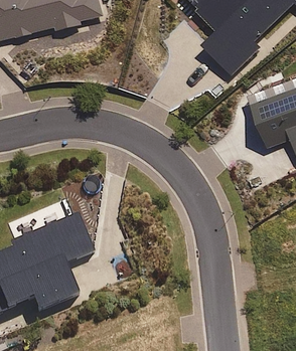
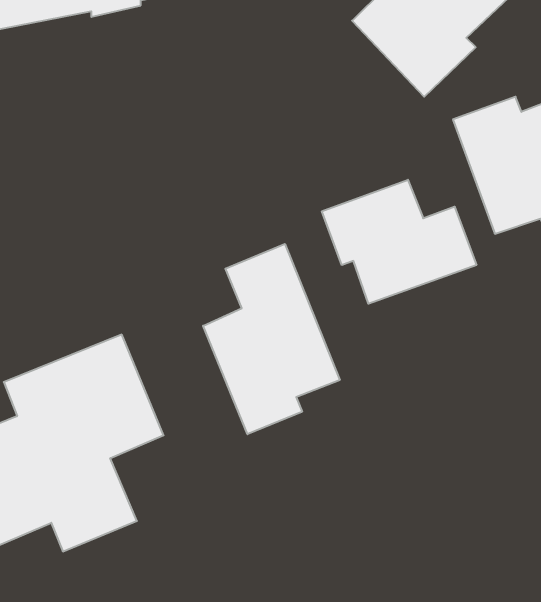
building: none -> [322,180,476,304]
building: none -> [203,244,340,434]

